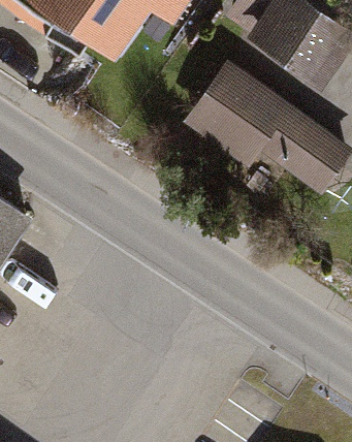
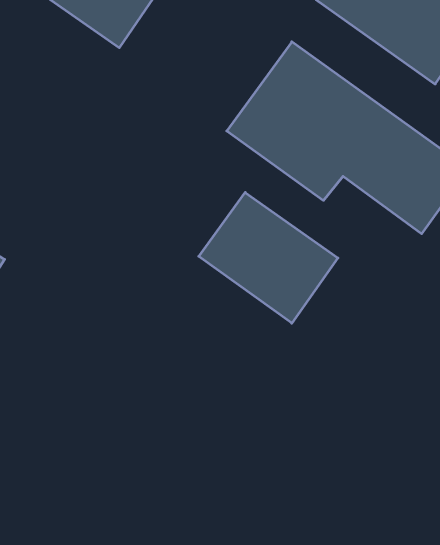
building: none -> [199,192,338,323]

